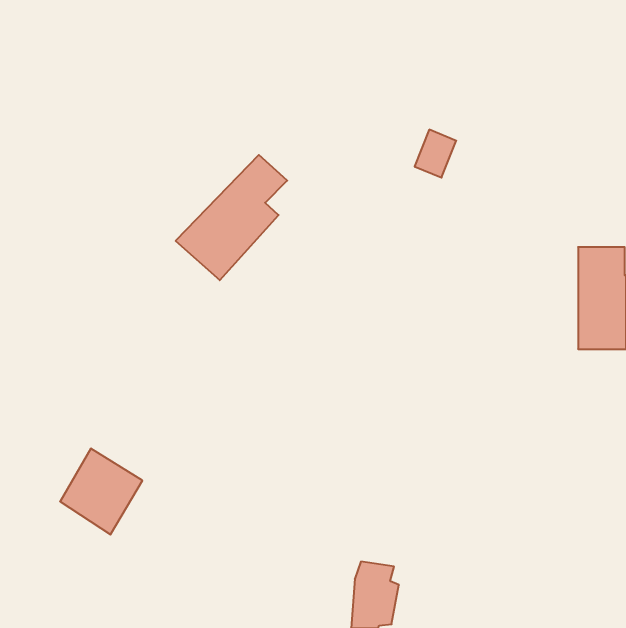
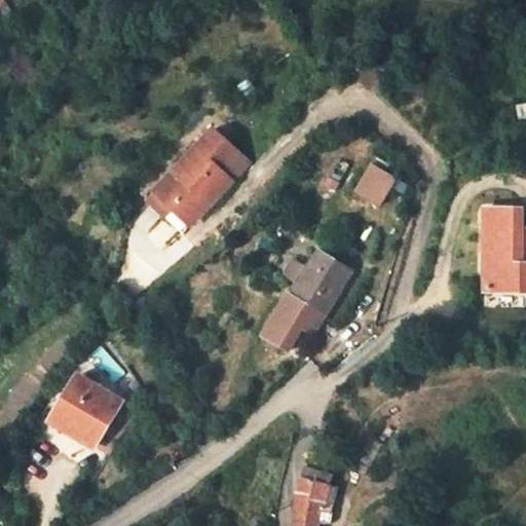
building: [415,130,456,178] -> [358,165,392,205]
building: none -> [259,249,351,352]

